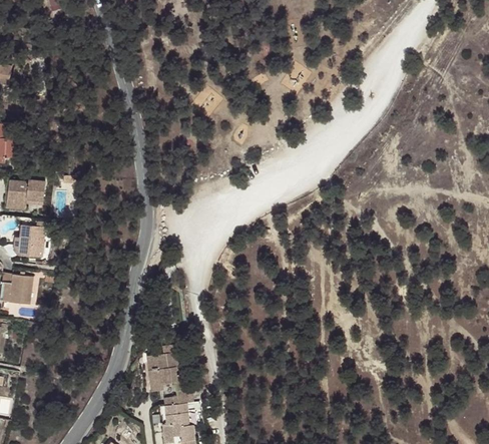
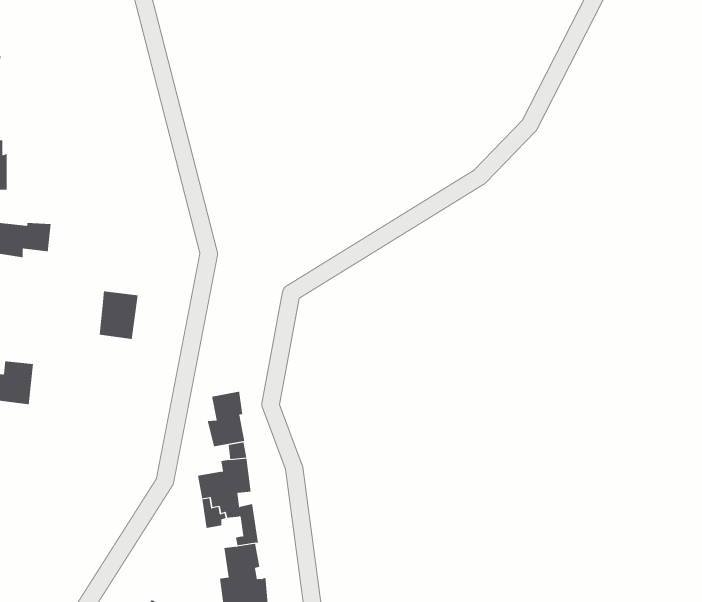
building: [16,226,43,259] -> [99,291,138,339]
building: none -> [207,391,245,447]

